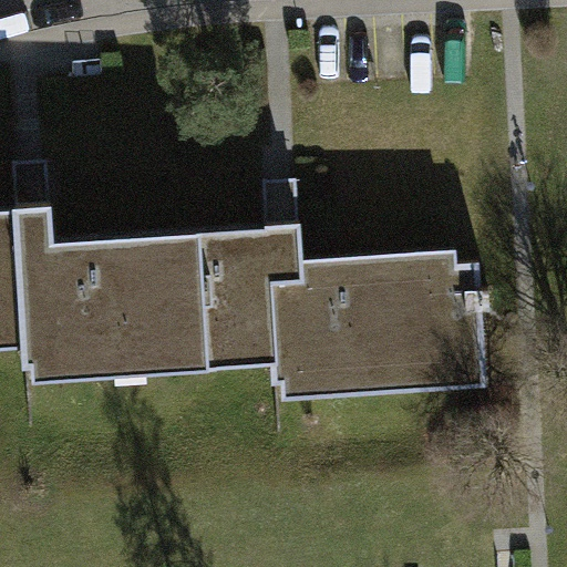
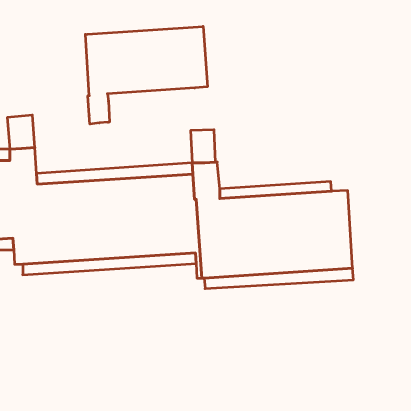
building: none -> [85,26,207,124]

